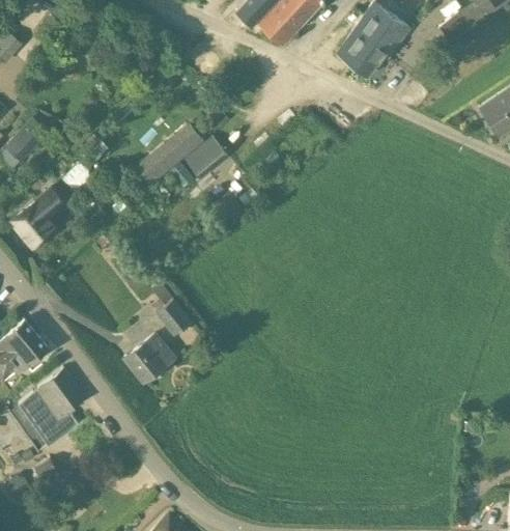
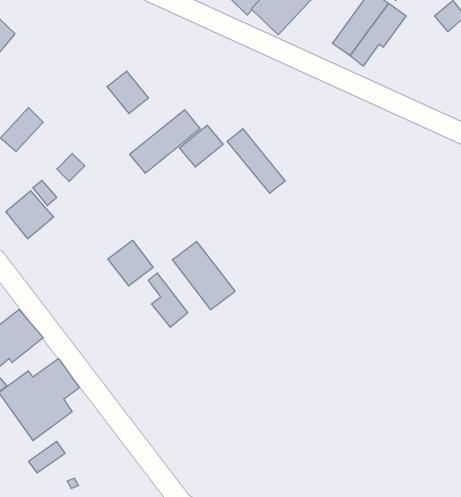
building: none -> [107,71,148,114]
building: none -> [227,129,285,193]
building: none -> [108,240,153,286]
building: none -> [172,241,235,310]
building: [124,336,173,384] -> none

